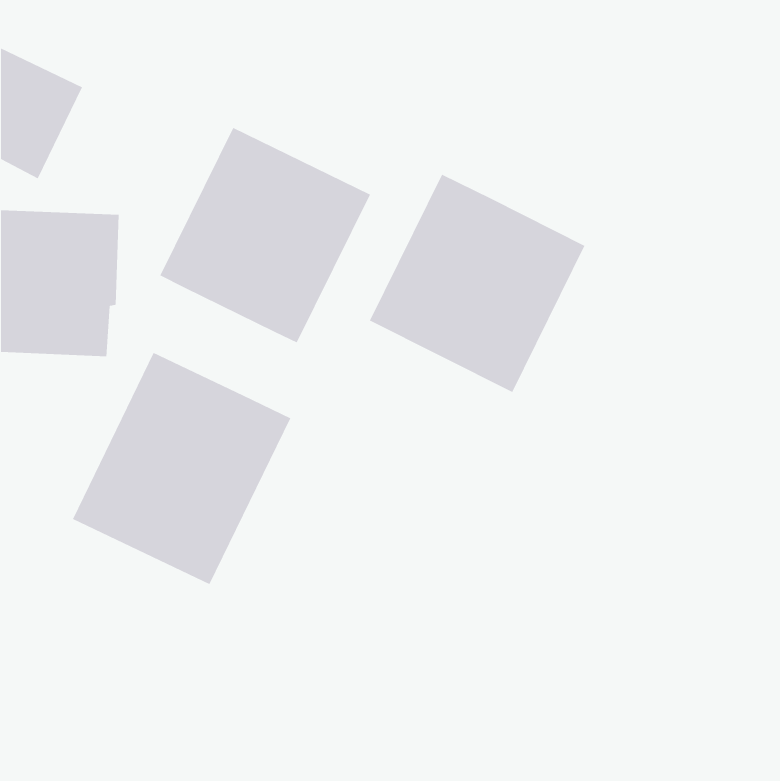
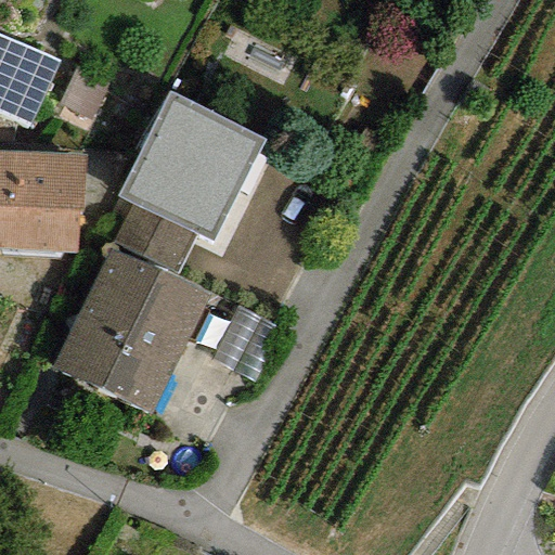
building: [369,174,585,393] -> none
building: none -> [111,204,196,280]

